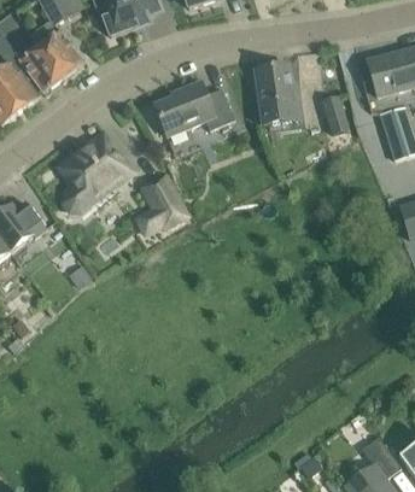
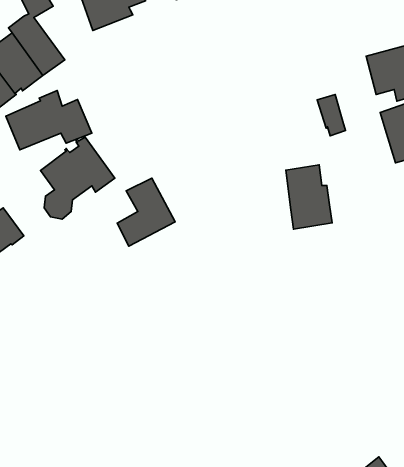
building: [256,64,299,124] -> [286,165,332,229]
building: [153,80,234,135] -> [6,91,92,150]

